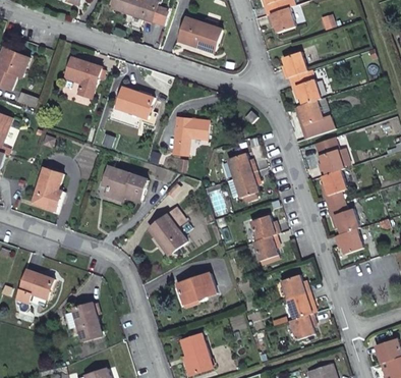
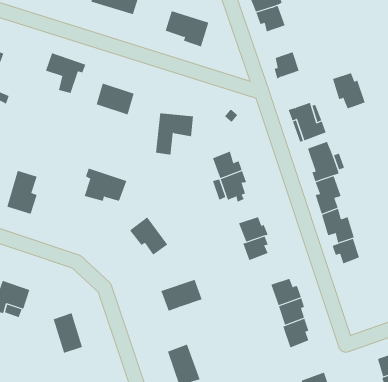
building: [288,73,320,108] -> [332,72,366,109]

